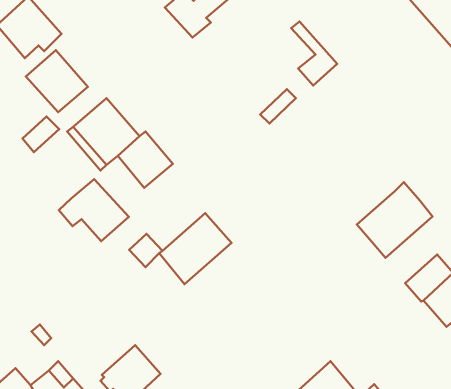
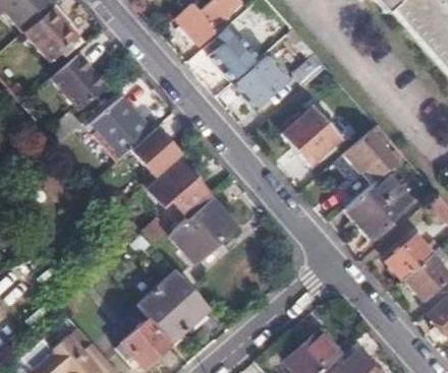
building: none -> [211,23,260,81]
building: none -> [236,56,290,110]
building: none -> [283,105,342,164]
building: none -> [345,124,399,180]
building: [59,179,129,241] -> [149,163,211,217]
building: none -> [137,269,211,341]

